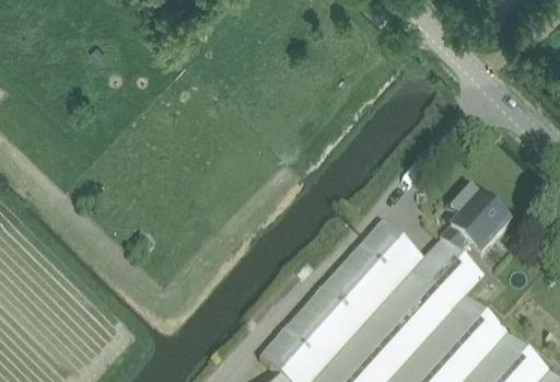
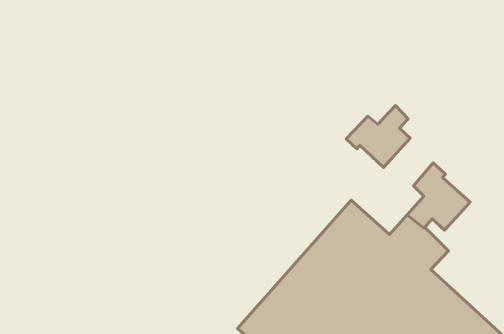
building: none -> [346,105,410,168]

